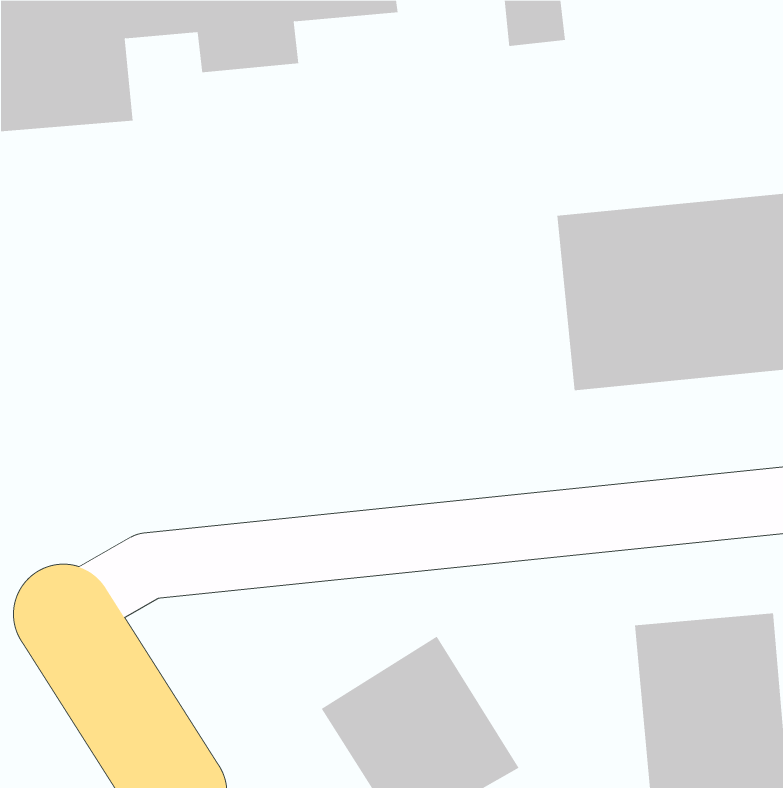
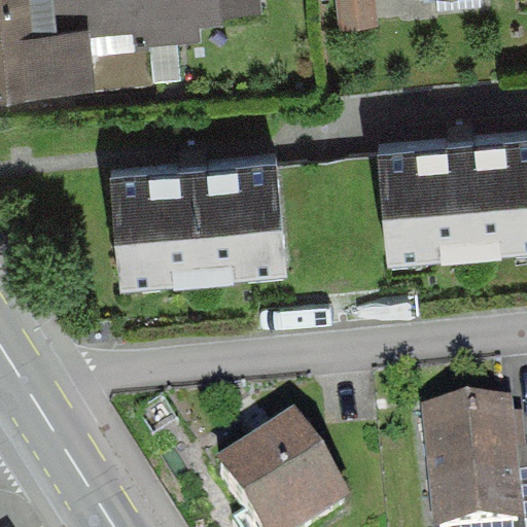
building: none -> [110,155,284,282]

